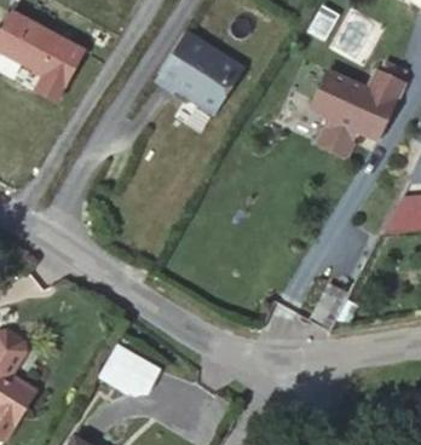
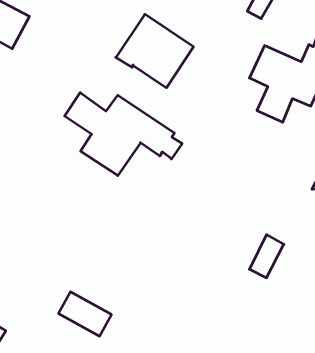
building: [35,37,83,99] -> none
building: none -> [65,93,182,176]

